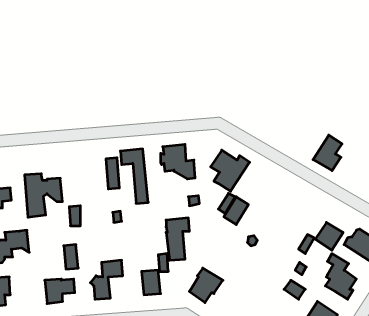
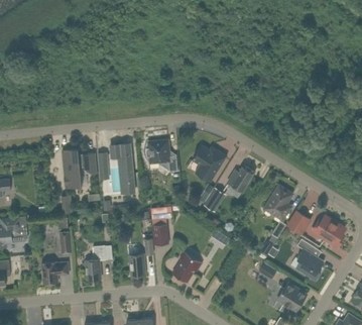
building: [313,135,342,171] -> [265,186,291,218]
building: none -> [228,164,255,192]
building: [25,174,62,217] -> [63,148,97,188]

